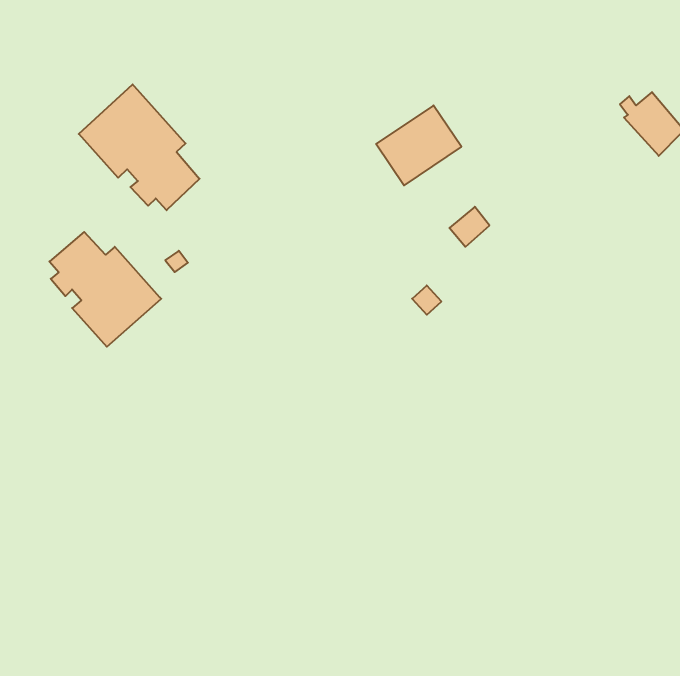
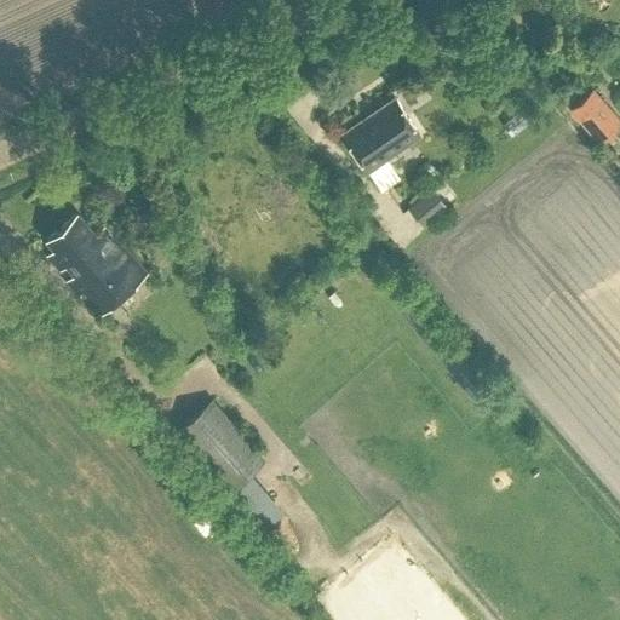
building: [79,84,200,210] -> none
building: none -> [179,406,282,532]

